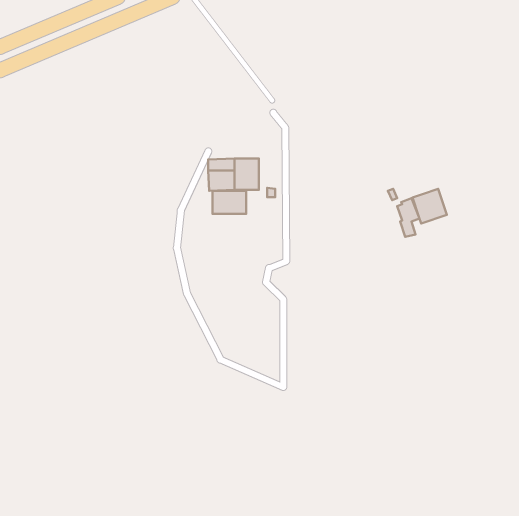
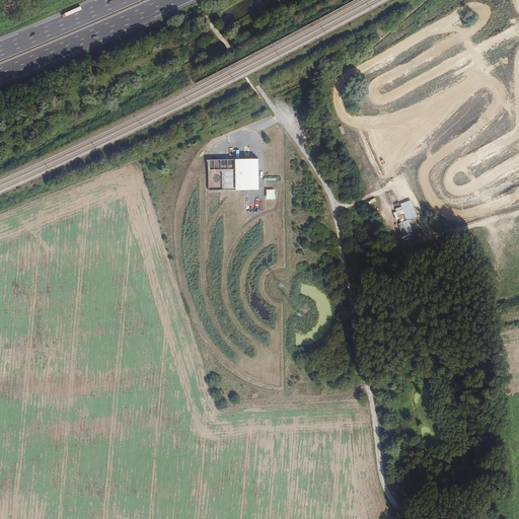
building: [412,189,447,223] -> none
building: [213,191,246,214] -> none

